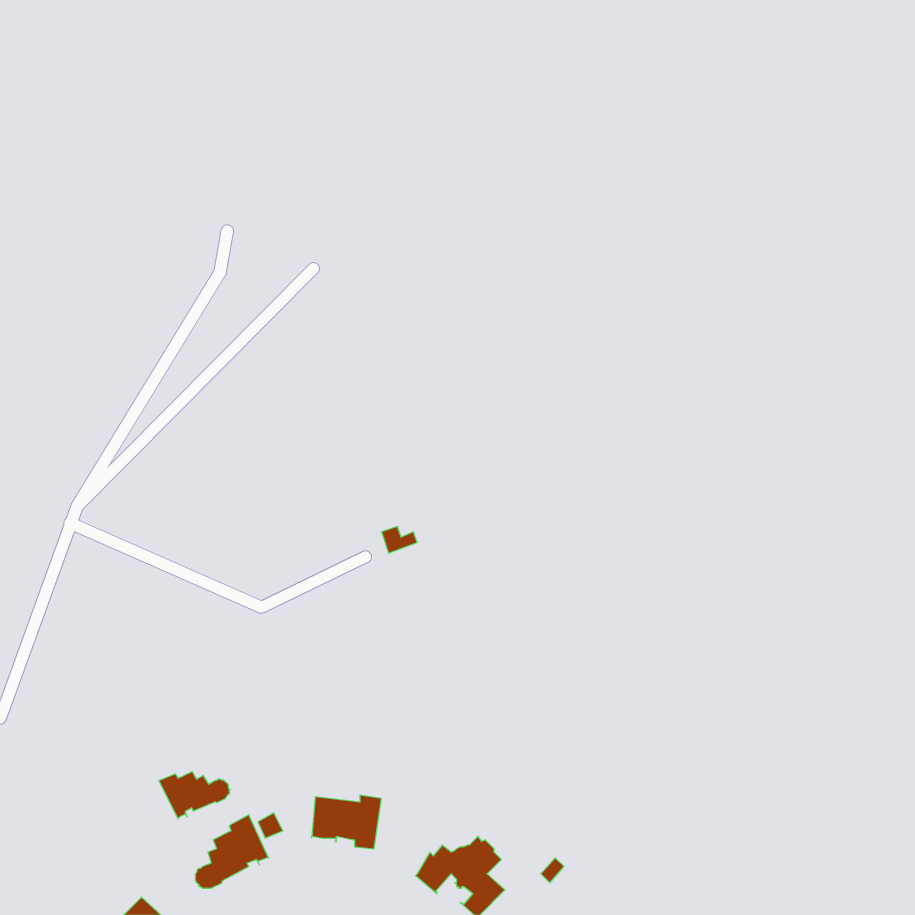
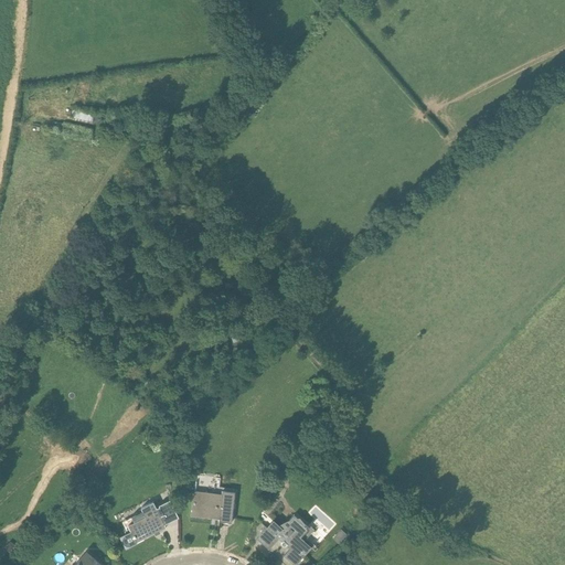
building: [159,772,230,819] -> none

